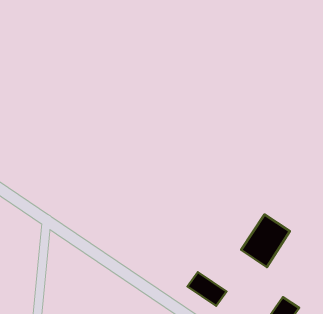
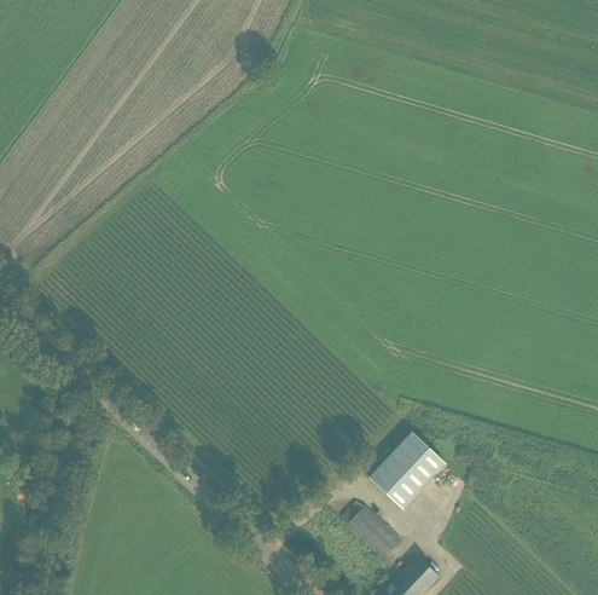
building: [188,272,226,306] -> [346,506,400,559]

